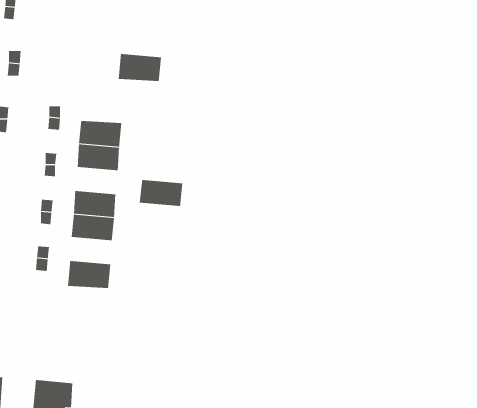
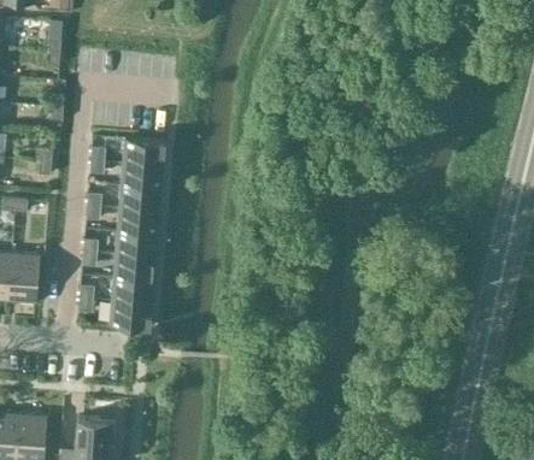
building: [118,53,162,82] -> [123,140,166,167]
building: [139,180,183,207] -> [117,211,160,237]
building: none -> [112,279,154,306]

